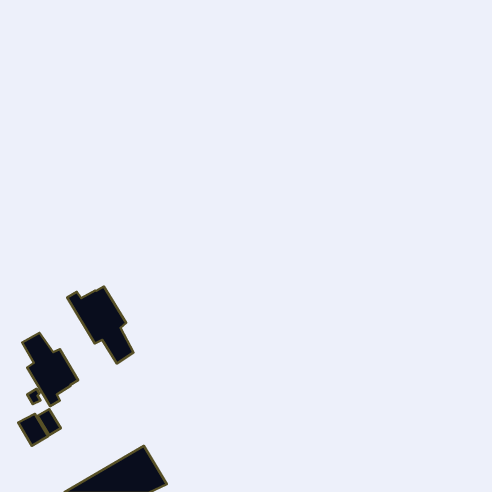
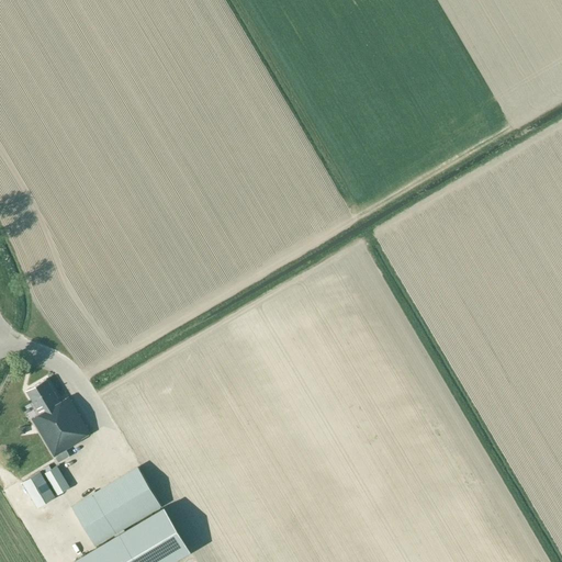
building: [67,286,133,363] -> none
building: none -> [70,467,160,547]

